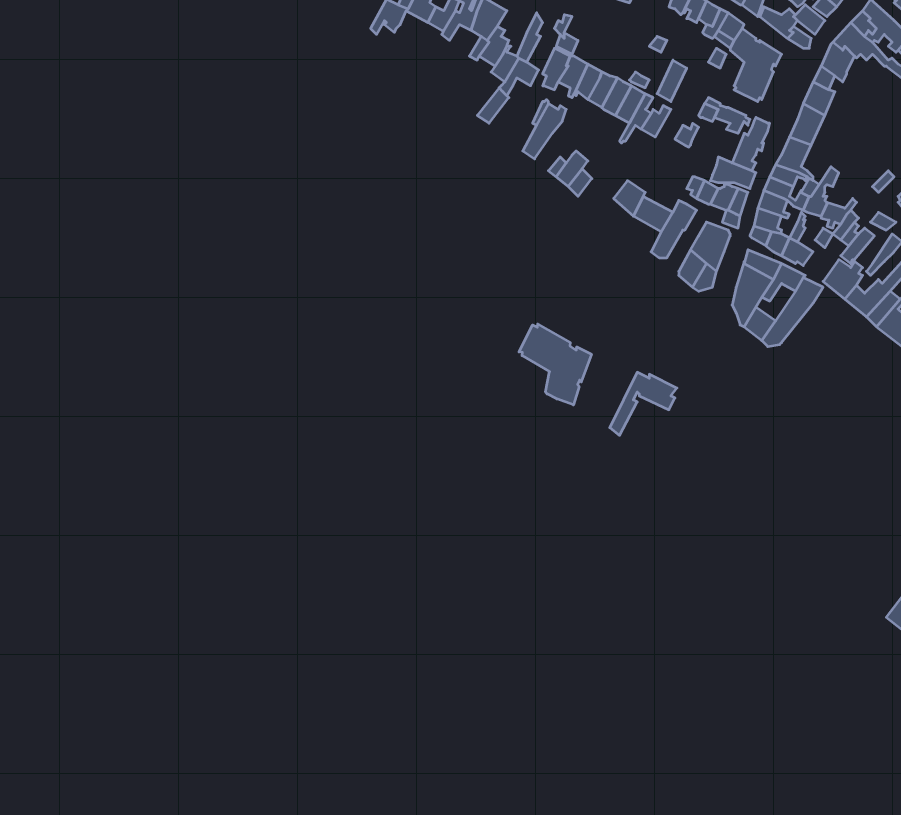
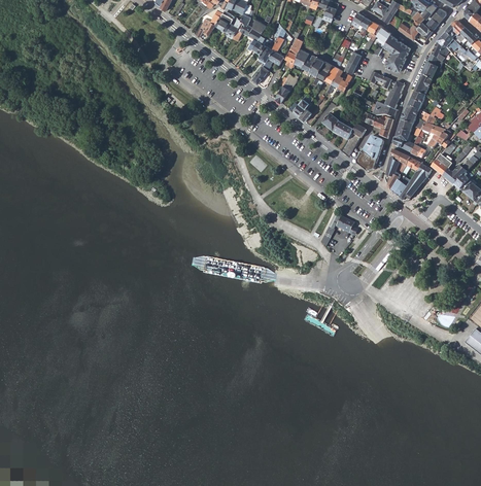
building: [519,324,591,405] -> none

